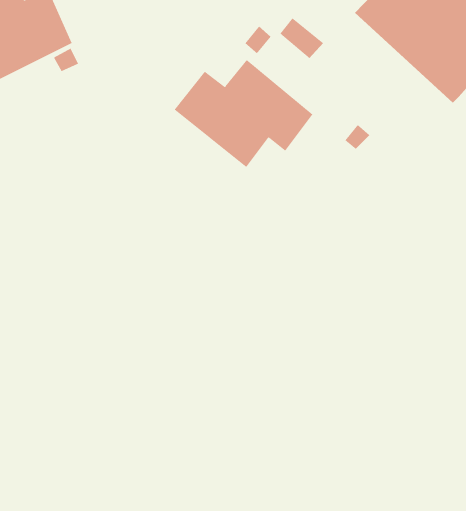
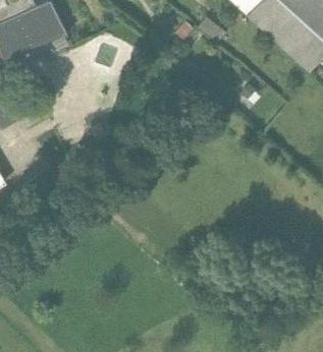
building: [174,59,313,168] -> none

